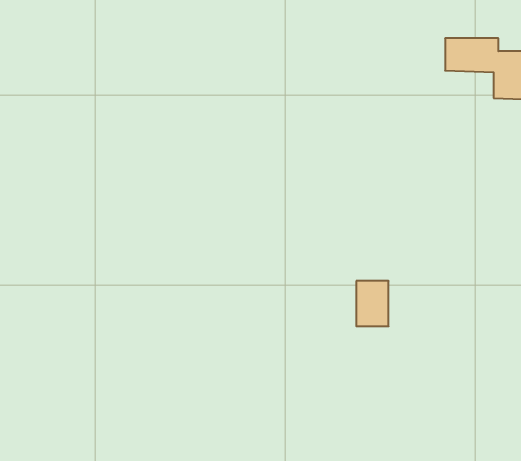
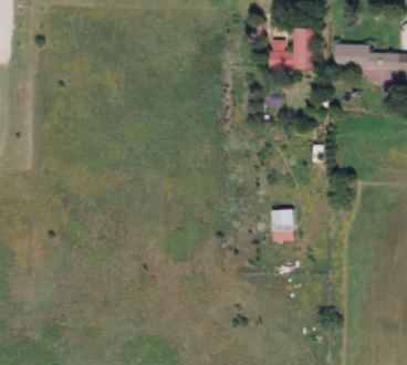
building: none -> [269,28,315,70]

